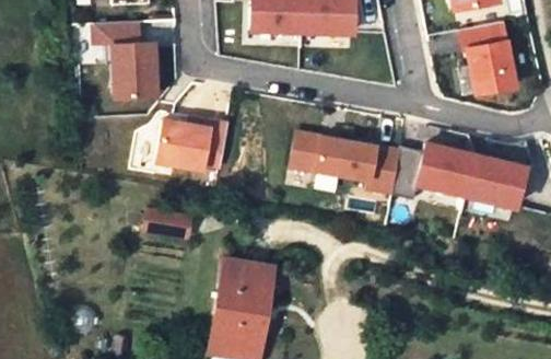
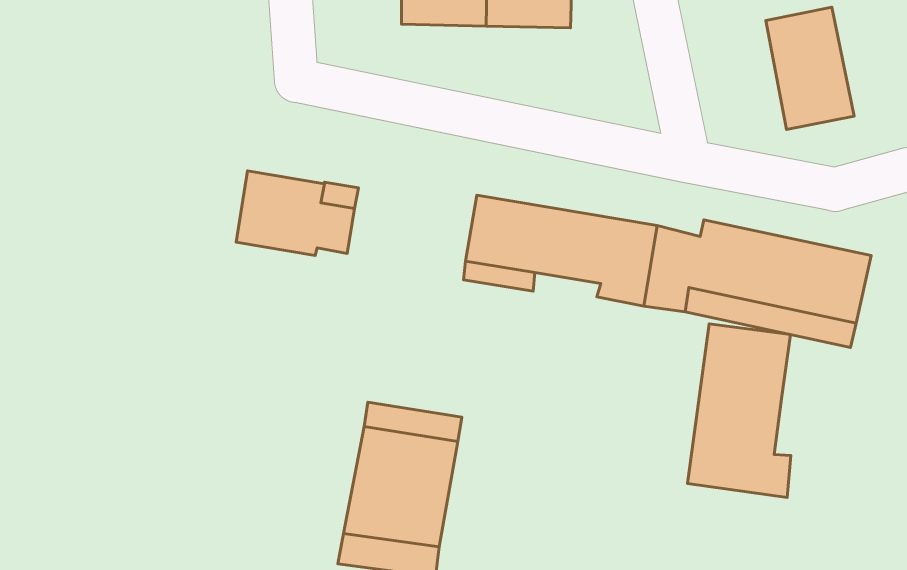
building: [91,23,153,100] -> none
building: [139,205,191,234] -> none
building: none -> [687,324,791,497]

